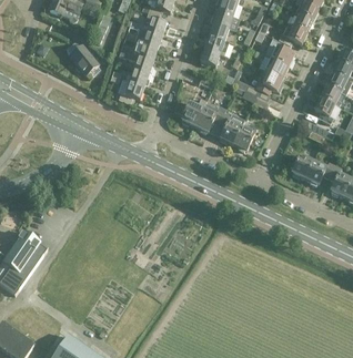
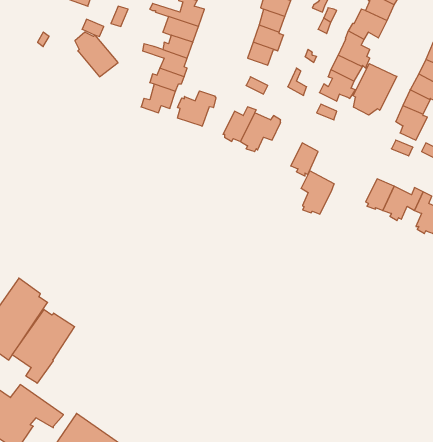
building: none -> [353,64,397,115]
building: none -> [177,91,216,126]
building: [219,110,244,143] -> [301,171,334,214]
building: none -> [12,309,75,383]

